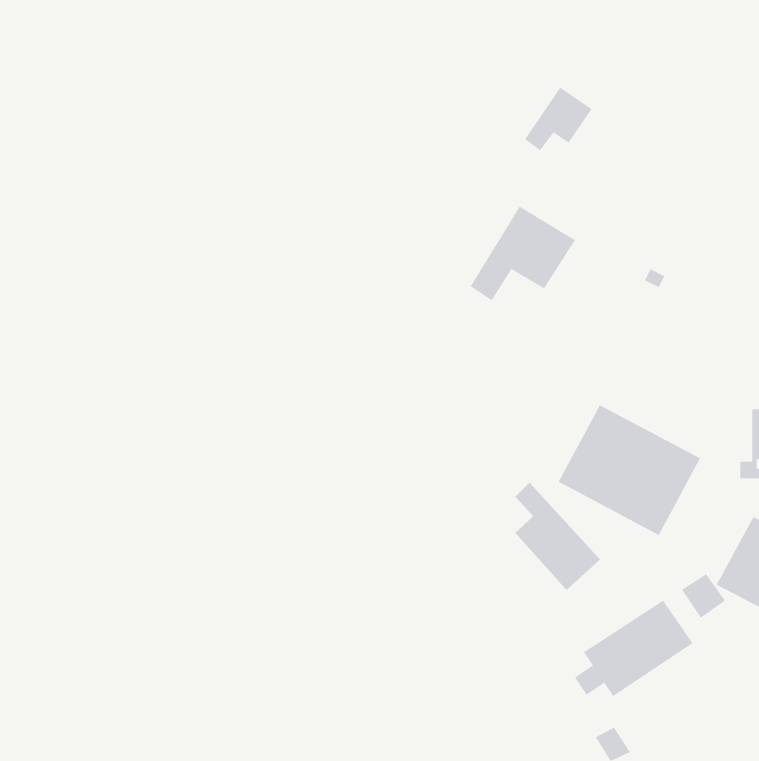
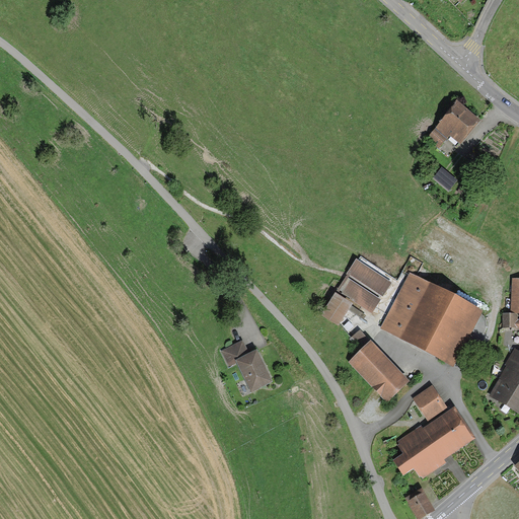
building: [524,87,593,151] -> [430,102,476,146]
building: [470,206,576,301] -> [322,257,394,322]
building: none -> [220,342,271,391]
building: [681,574,726,618] -> [414,388,444,419]

